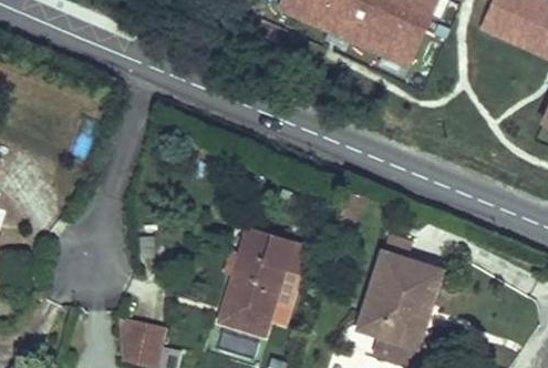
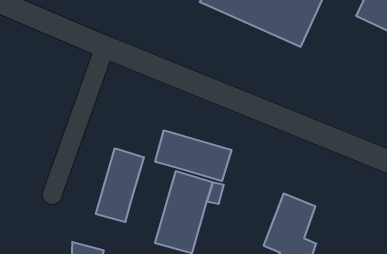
building: none -> [155,130,231,181]
building: none -> [96,148,144,222]

